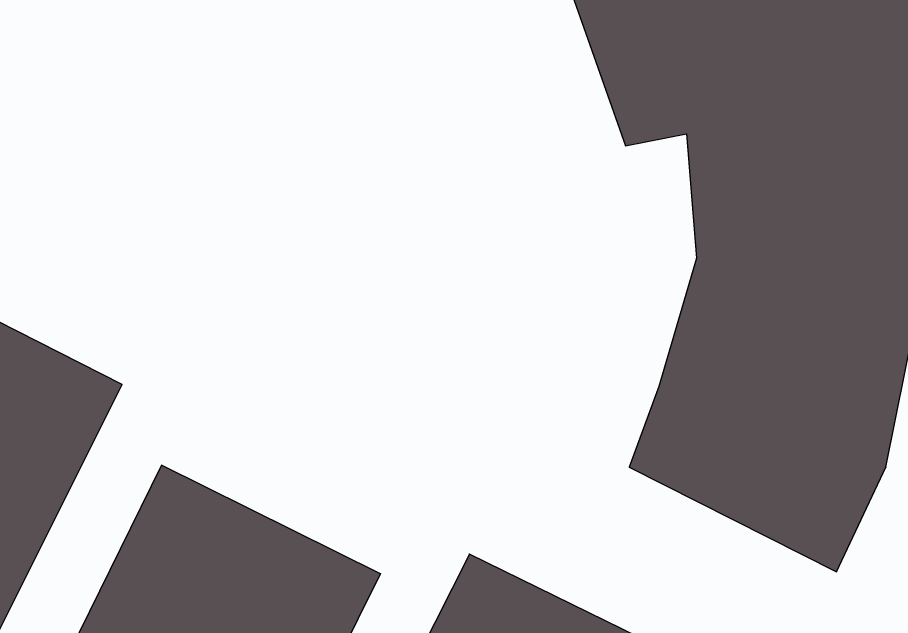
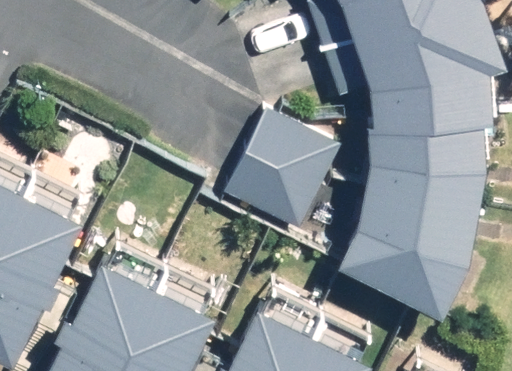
building: none -> [225,110,342,232]

